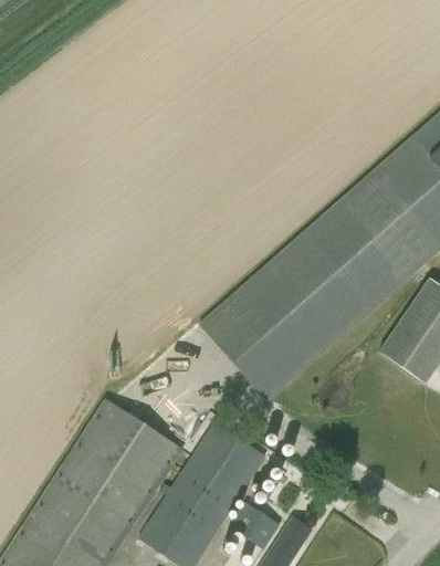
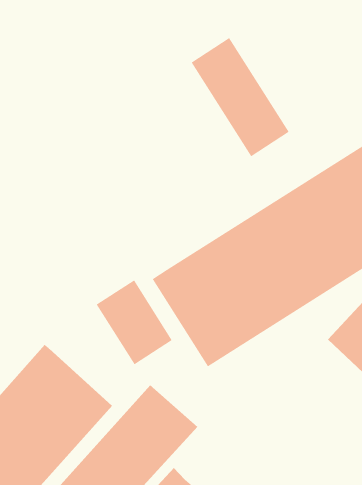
building: none -> [191,37,289,157]
building: none -> [96,279,173,365]

